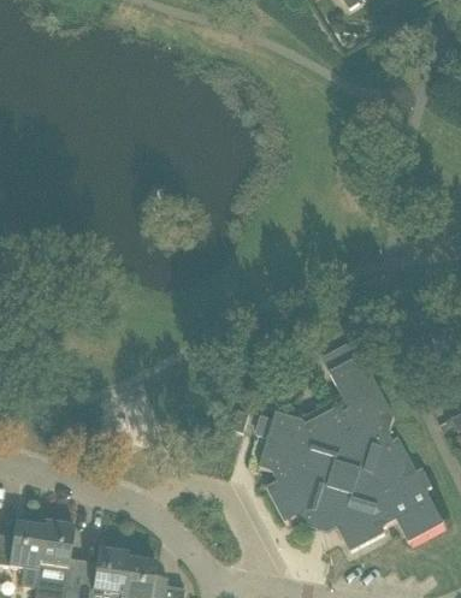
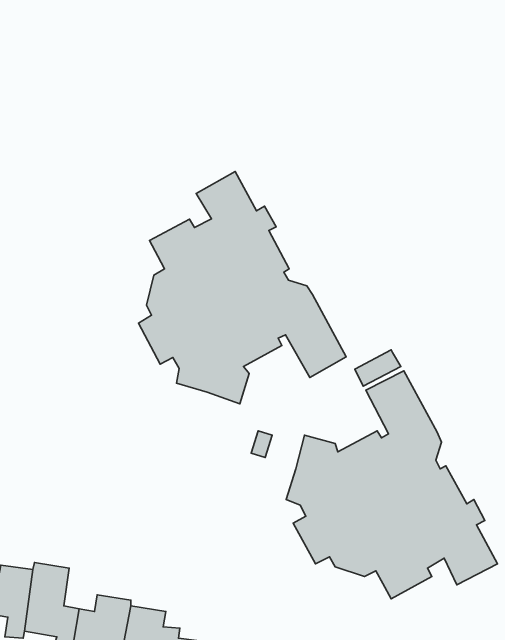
building: none -> [138,171,346,404]

